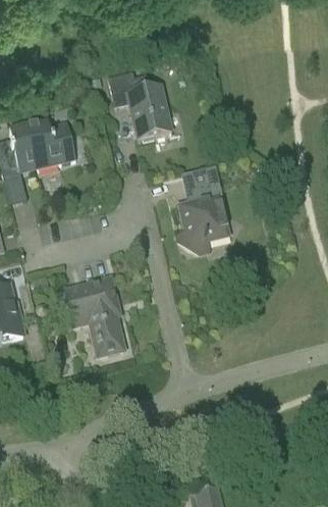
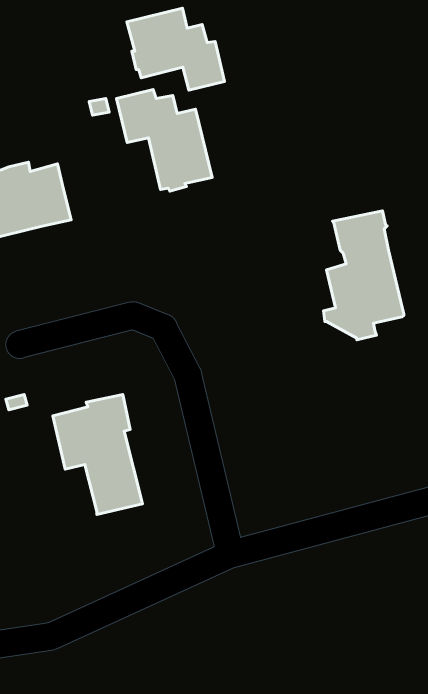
building: none -> [127,8,225,90]
building: [176,166,230,253] -> [323,211,404,340]

